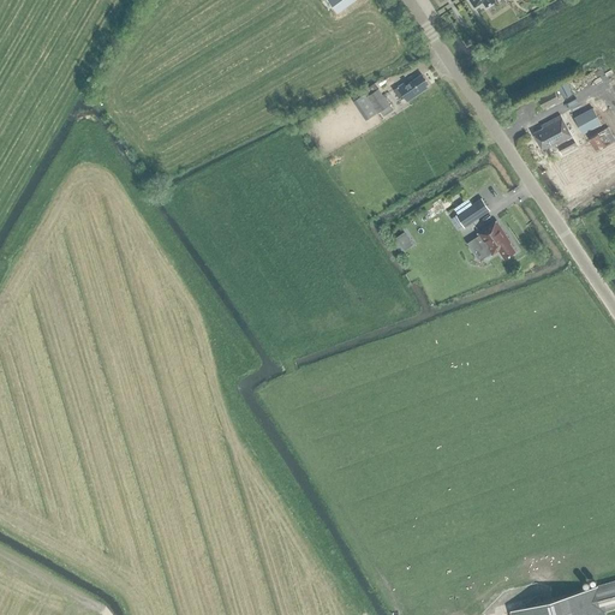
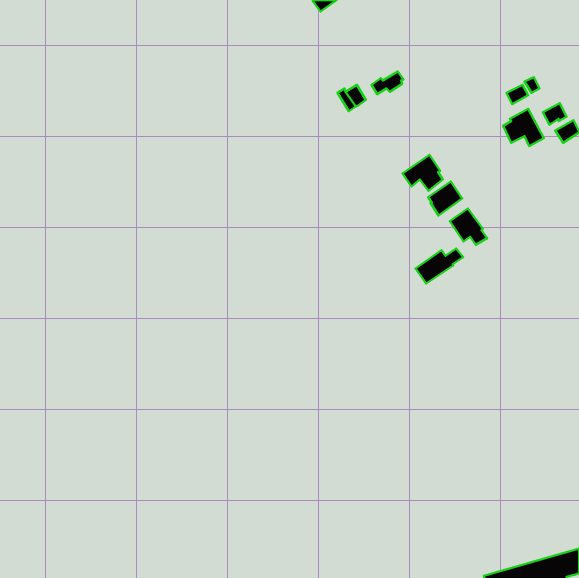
building: none -> [402,155,443,191]
building: none -> [416,249,463,284]

